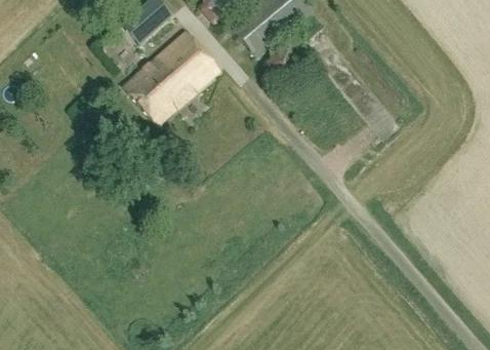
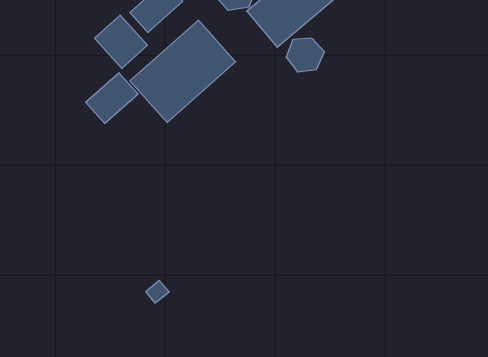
building: none -> [95,15,147,69]
building: none -> [86,73,138,124]

